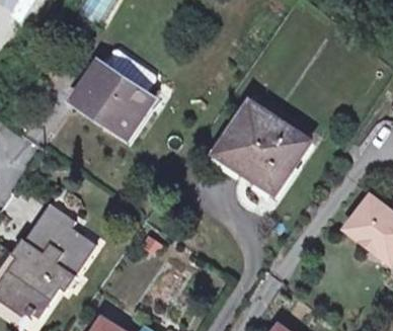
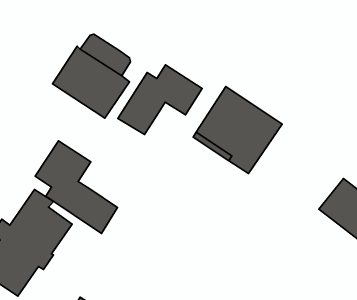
building: none -> [118,65,202,135]
building: none -> [35,141,118,233]

